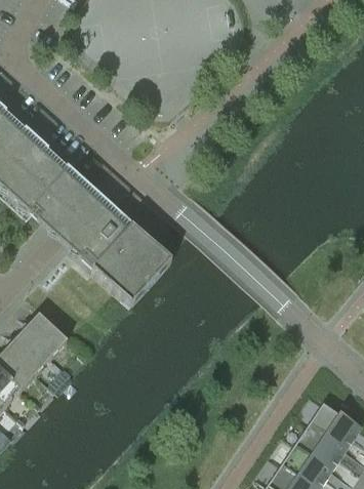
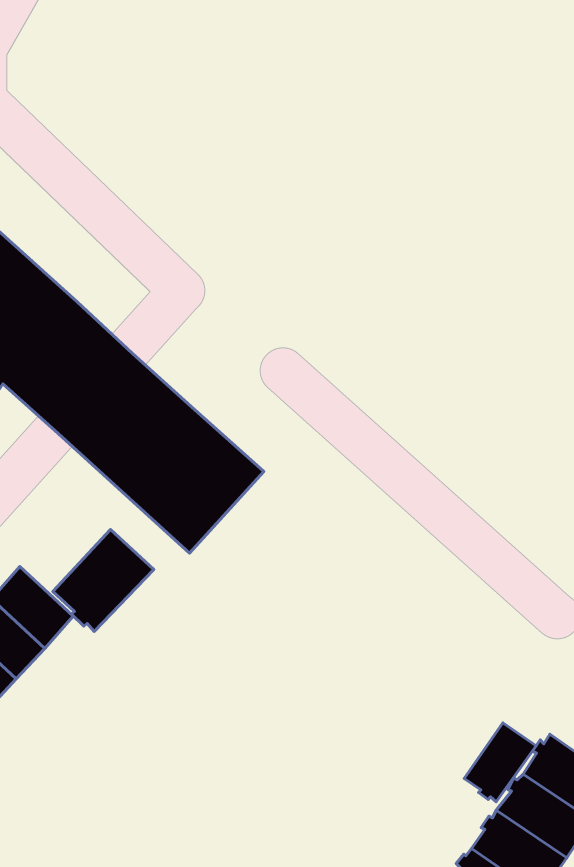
building: none -> [53,529,154,632]
building: none -> [464,723,536,802]

